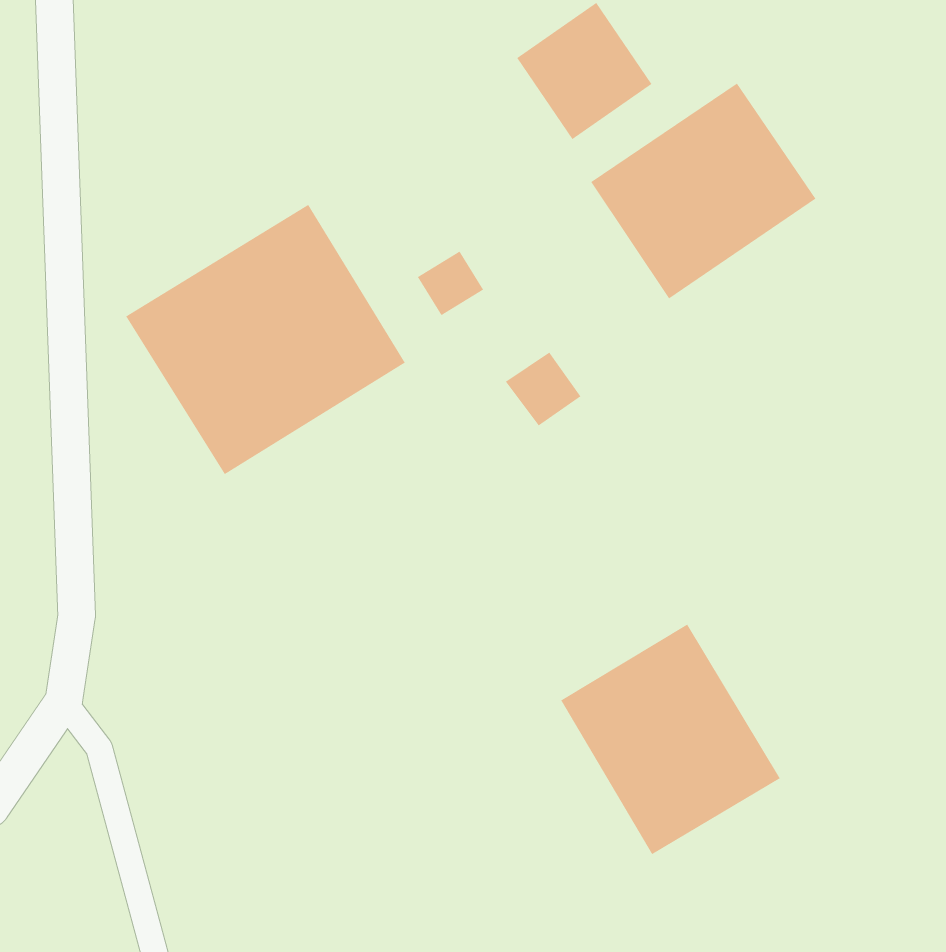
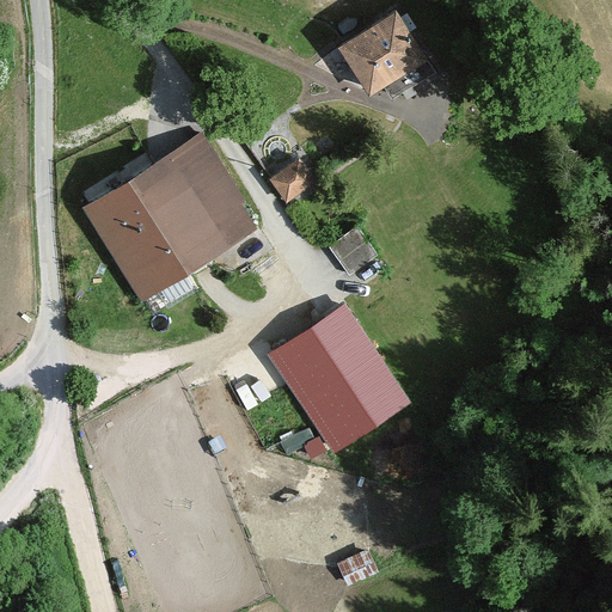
building: [590,83,817,299] -> none
building: [560,623,781,855] -> [271,304,412,452]

